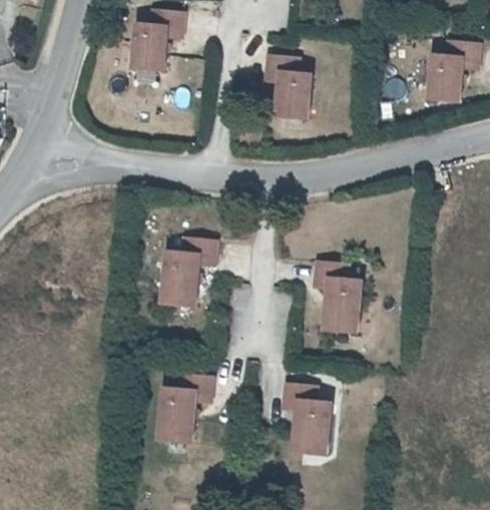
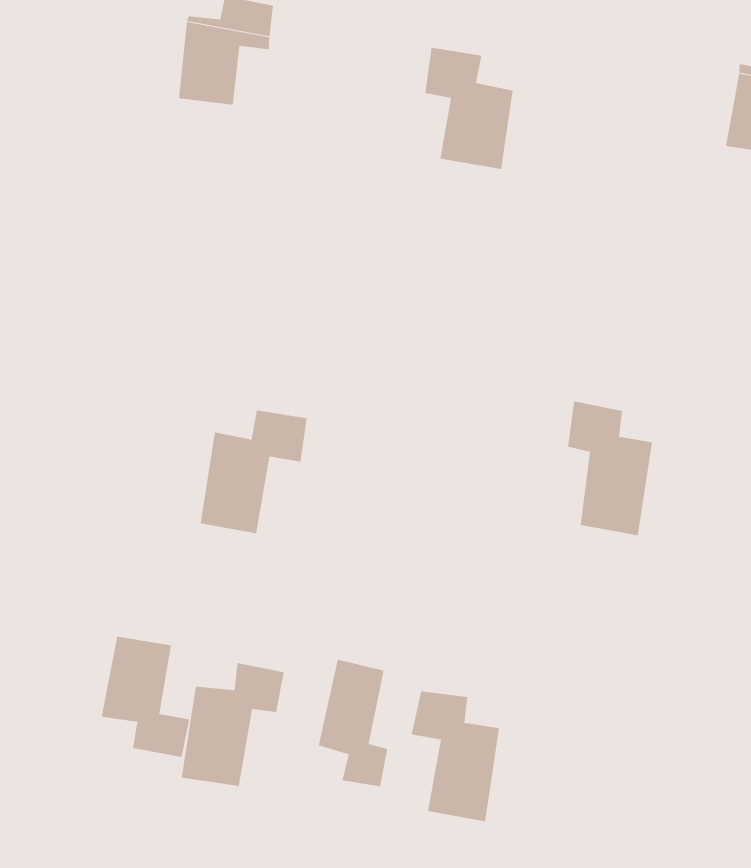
building: [312,263,358,334] -> [567,401,653,536]
building: none -> [101,636,190,758]
building: none -> [318,659,388,787]

